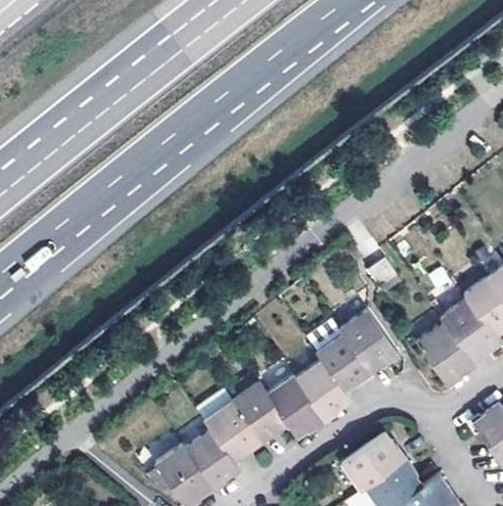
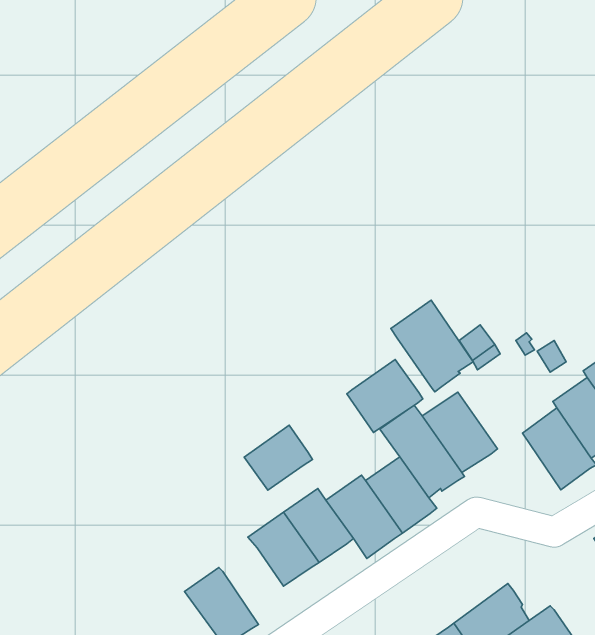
building: none -> [391,300,473,392]
building: none -> [347,360,423,432]
building: none -> [244,425,313,490]
building: [185,429,239,489] -> none
building: [341,431,406,491] -> none

